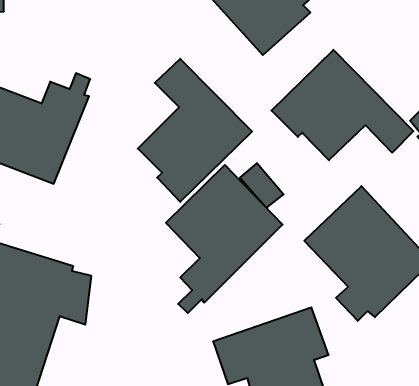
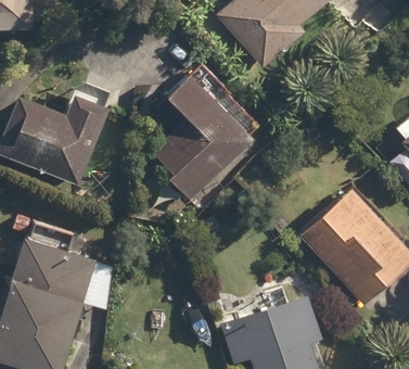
building: [271,50,413,160] -> none
building: [166,165,283,313] -> none

